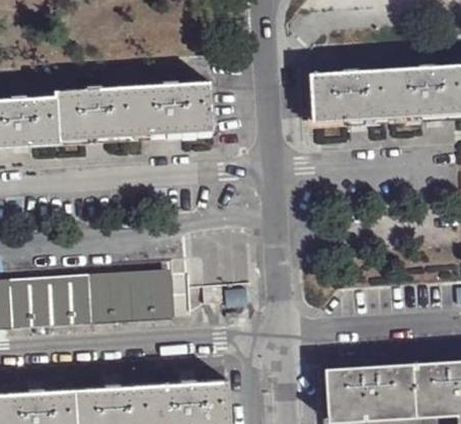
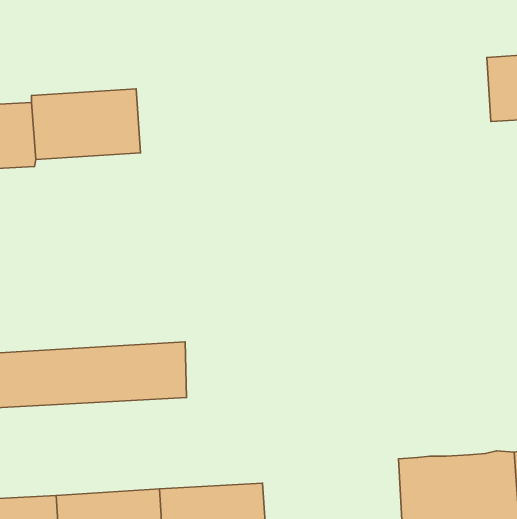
building: [313,66,398,120] -> none
building: [134,84,213,137] -> none

